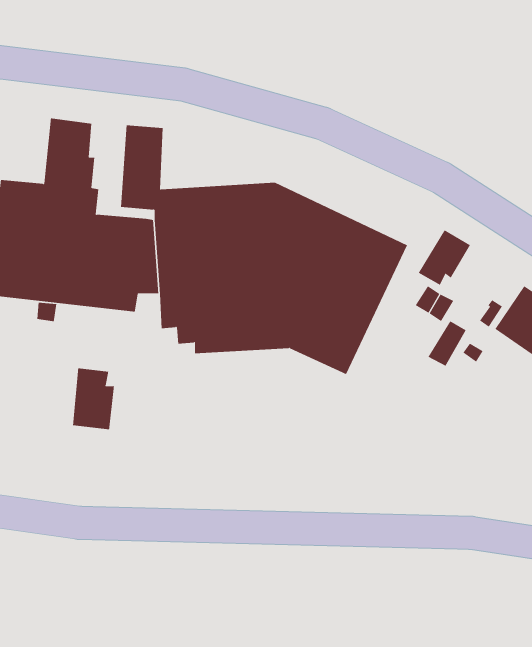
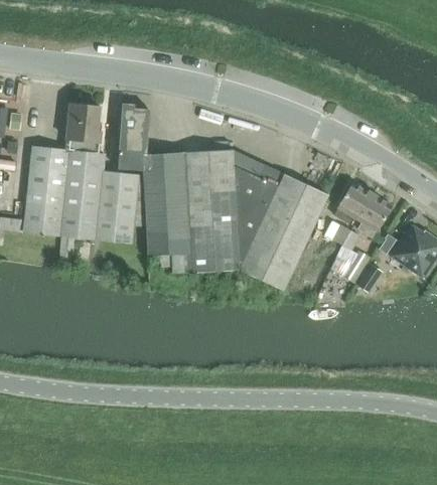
building: none -> [358,194,393,237]
building: [73,367,115,430] -> none

